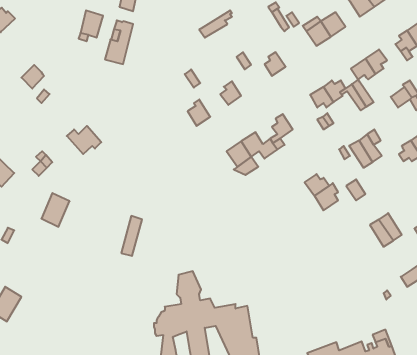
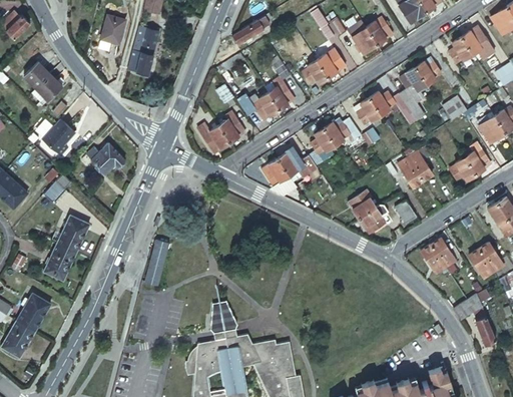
building: none -> [317,49,344,76]
building: none -> [24,61,50,88]
building: none -> [269,82,295,108]
building: none -> [325,116,361,145]
building: none -> [42,118,74,155]
building: none -> [198,123,229,151]
building: none -> [44,244,77,281]
building: none -> [18,292,52,330]

